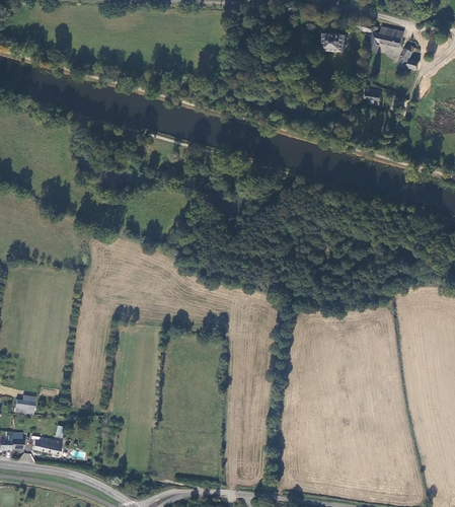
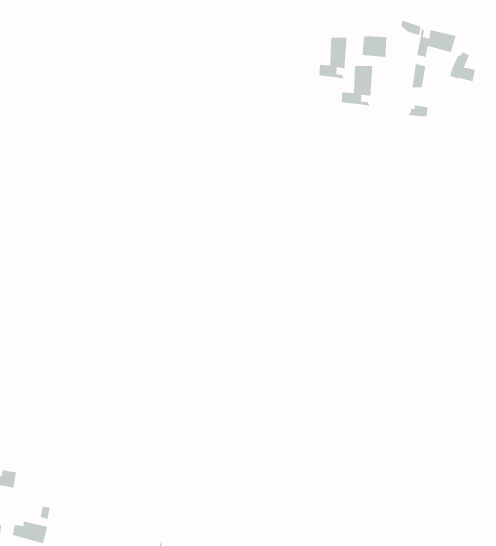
building: none -> [319,37,347,80]
building: none -> [341,65,373,107]

